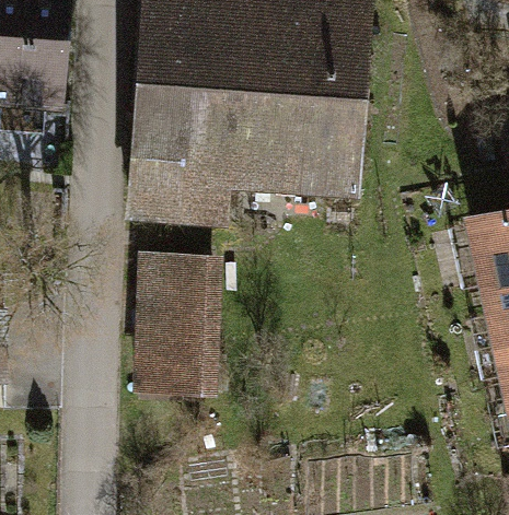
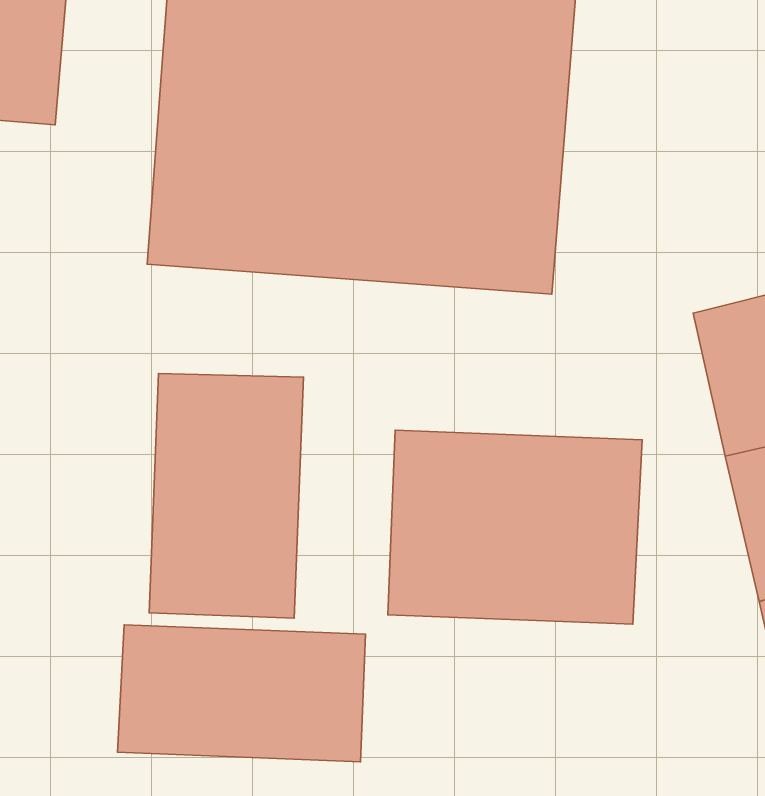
building: none -> [388,430,642,624]
building: none -> [117,625,365,762]

